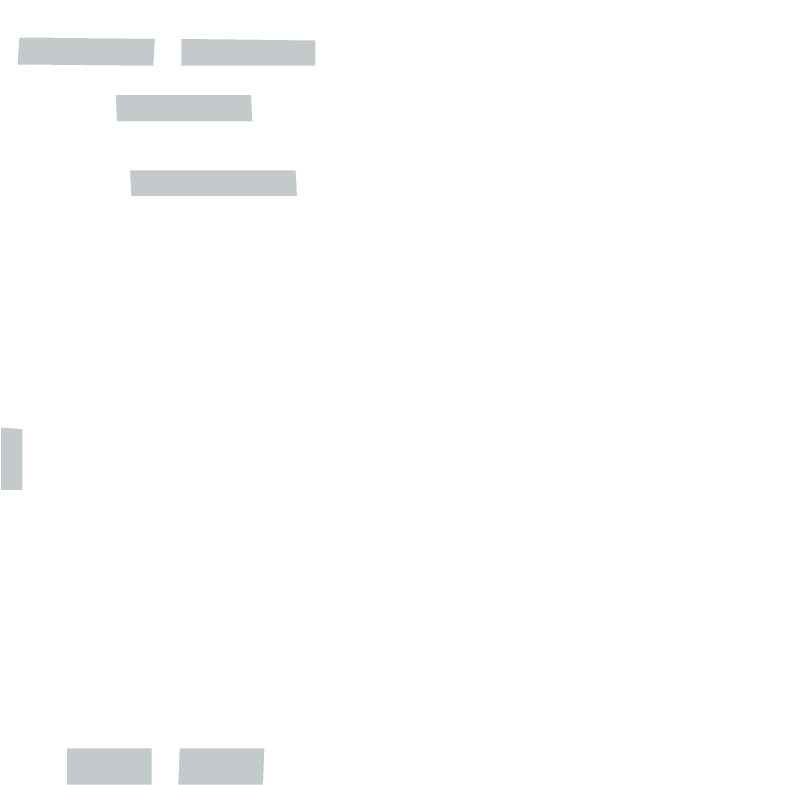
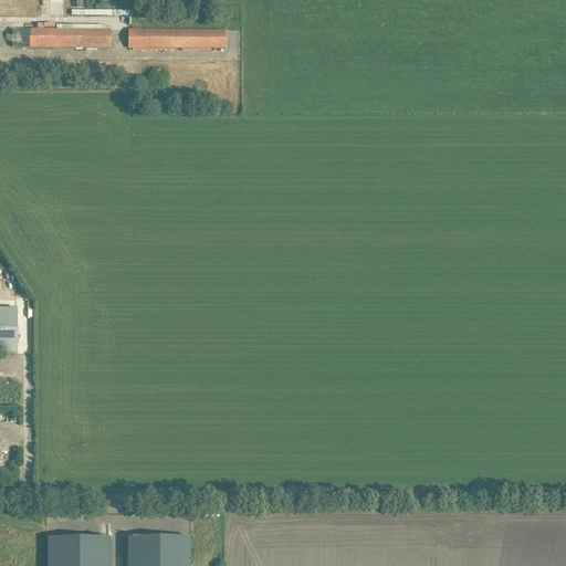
building: [115,94,253,122] -> none
building: [129,169,298,197] -> none

